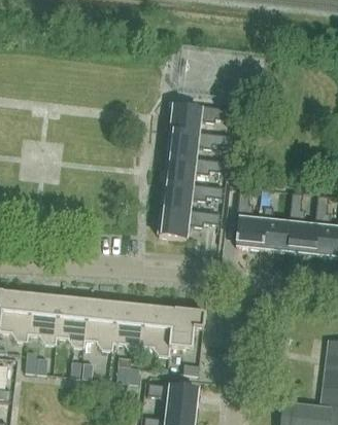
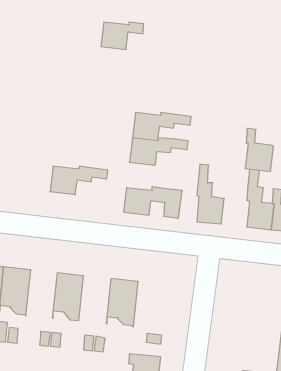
building: [172,104,217,133] -> [101,22,144,49]
building: [163,182,224,212] -> [50,166,108,195]
building: [263,205,293,250] -> [245,128,273,171]
building: [57,295,90,346] -> none
building: [112,302,146,352] -> none
building: [171,308,206,347] -> none

